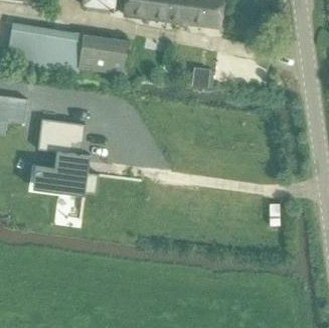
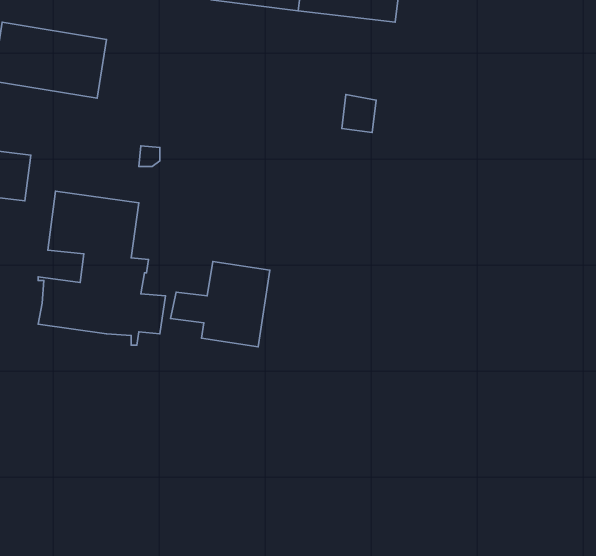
building: [78,36,132,75] -> none
building: none -> [170,262,270,347]

